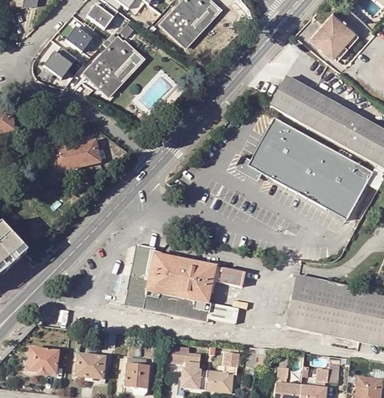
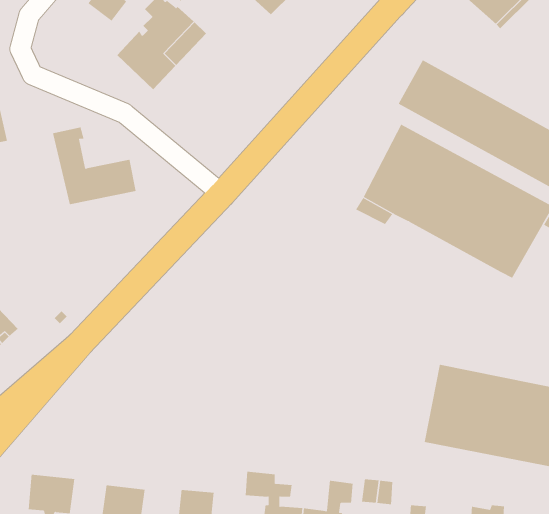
building: [44,46,77,78] -> none
building: [124,244,244,323] -> none

